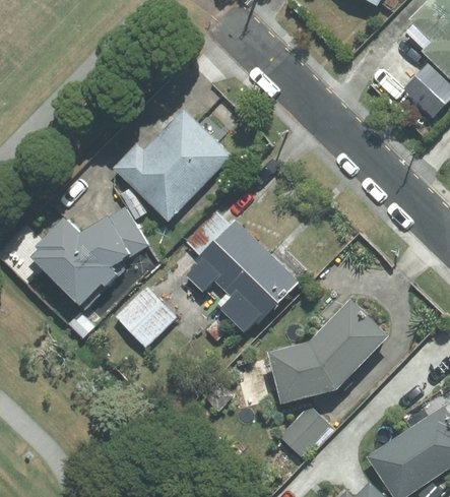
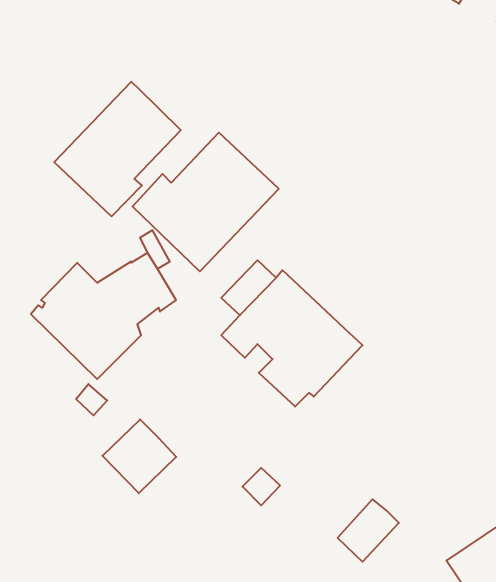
building: none -> [54,82,181,216]
building: [114,288,174,348] -> [102,419,176,493]
building: [272,297,391,401] -> none

